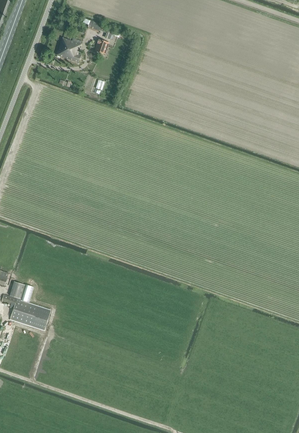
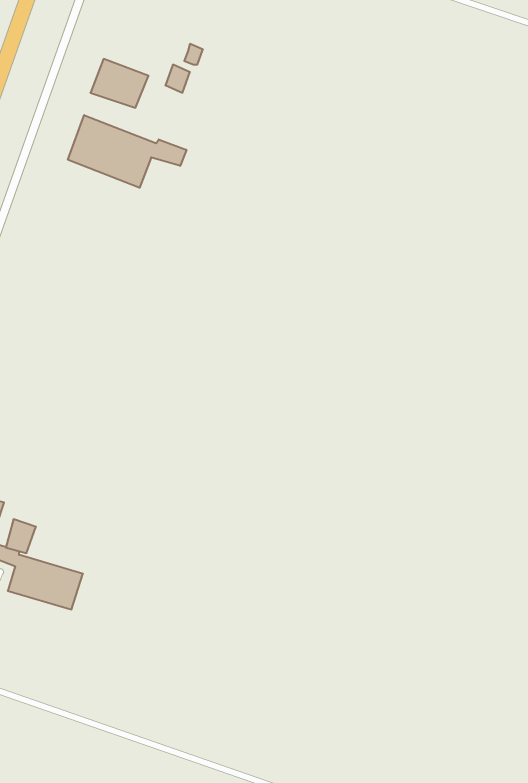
building: none -> [68,115,186,188]

